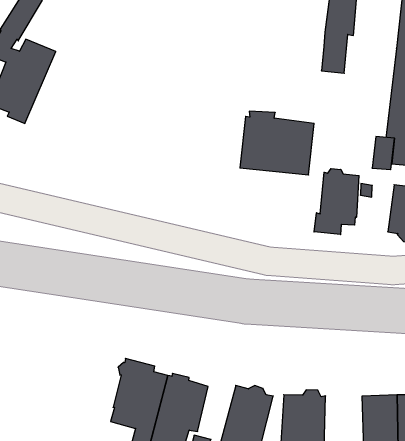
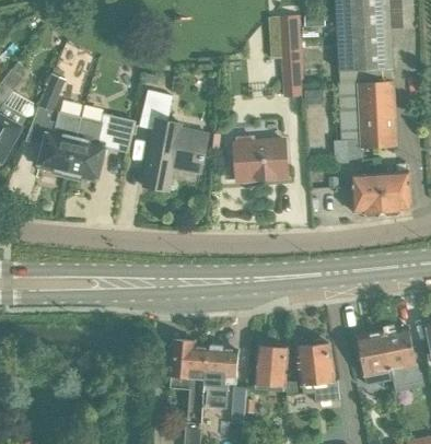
building: none -> [138,90,209,191]
building: none -> [67,113,135,177]
building: [314,169,359,235] -> none

